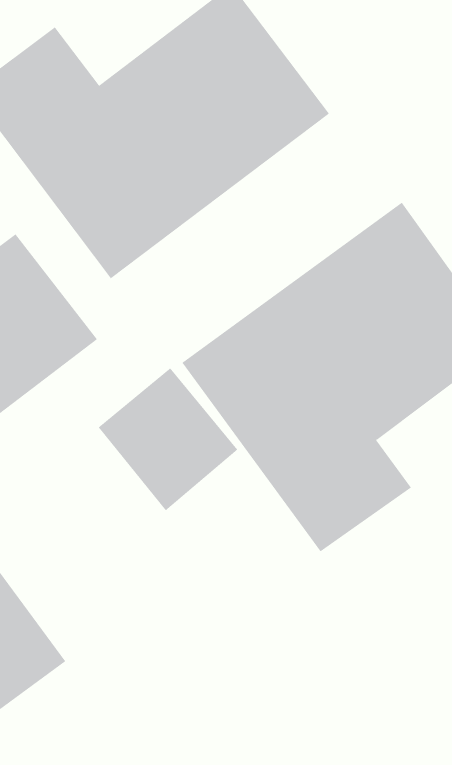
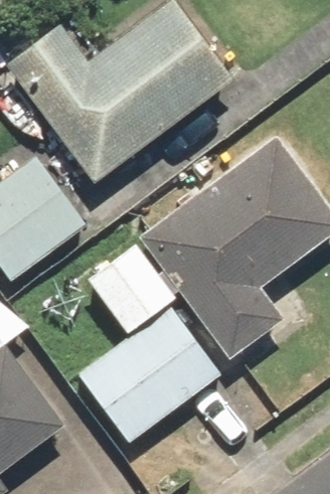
building: none -> [78,307,220,443]

